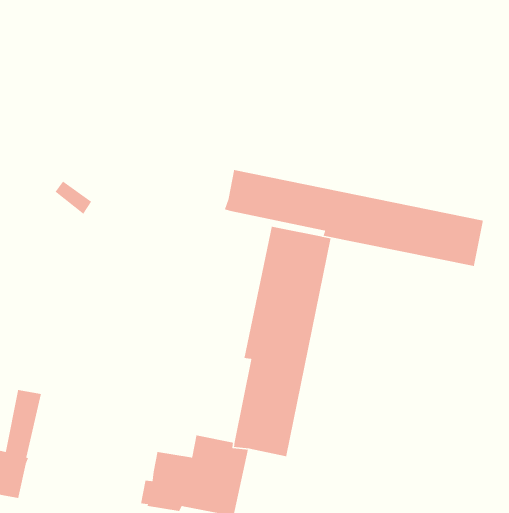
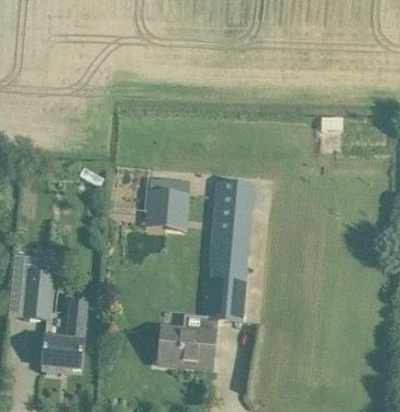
building: [224,169,484,267] -> none
building: none -> [145,189,188,225]

